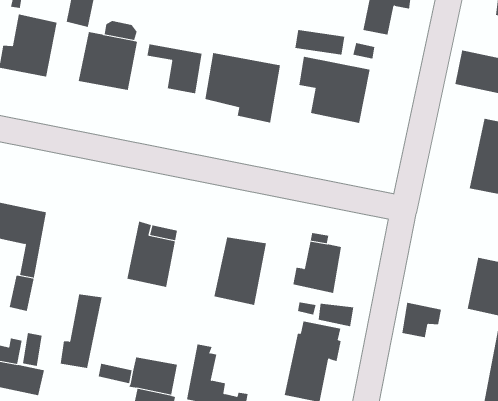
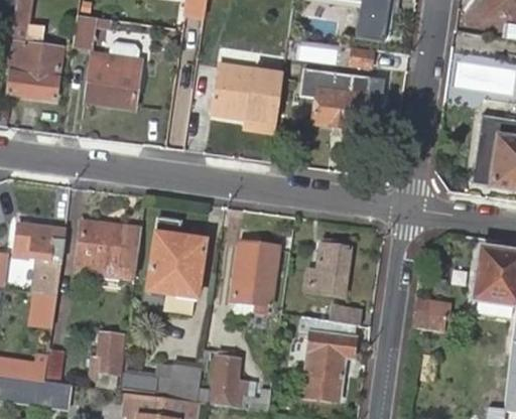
building: [147,43,202,94] -> none
building: none -> [77,222,127,269]

